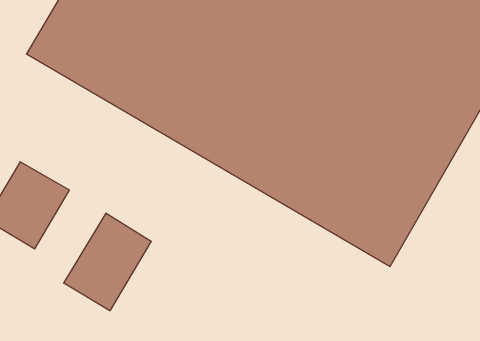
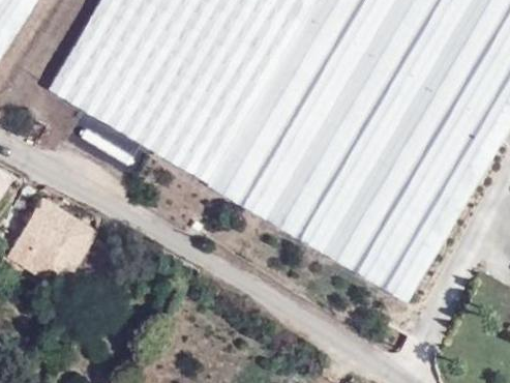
building: [64,213,151,311] -> none

